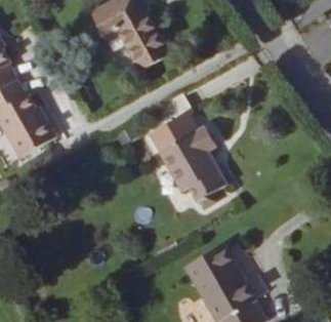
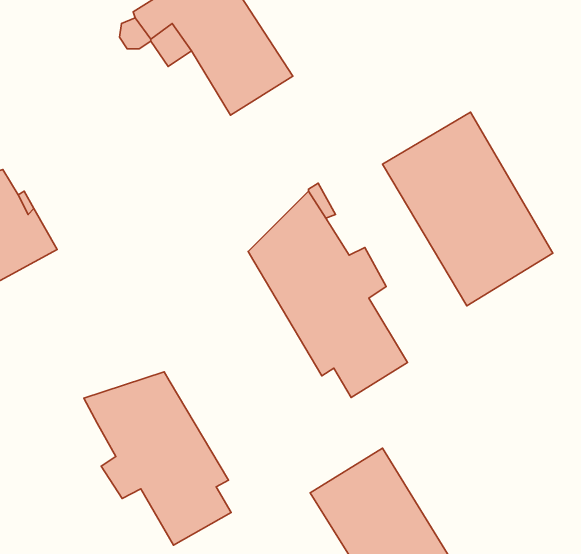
building: none -> [383,112,553,306]
building: none -> [84,372,231,545]

